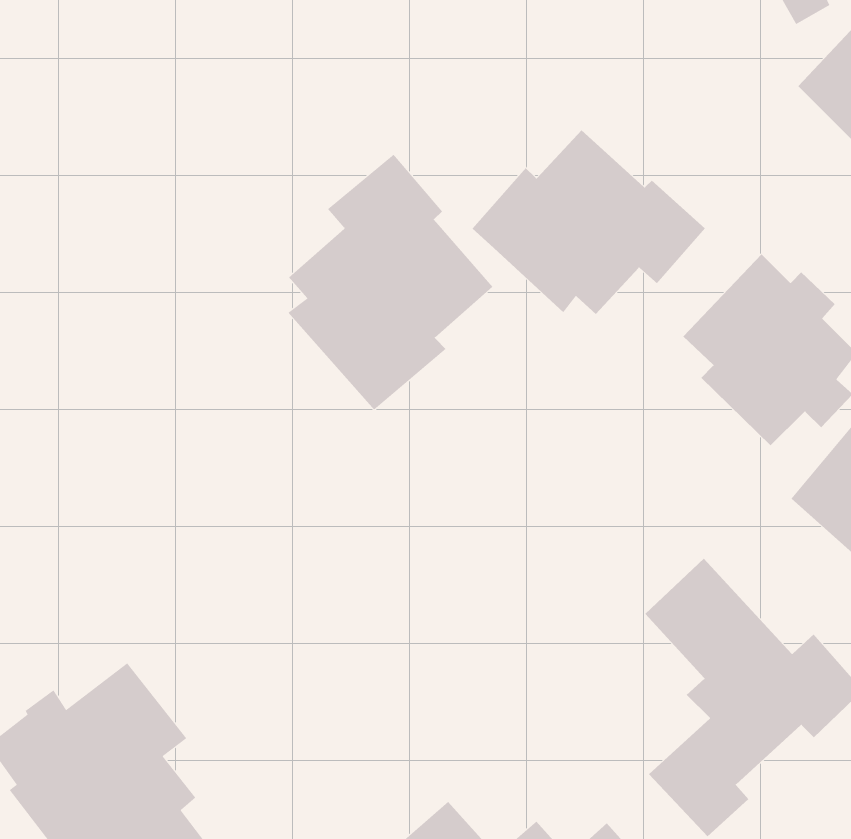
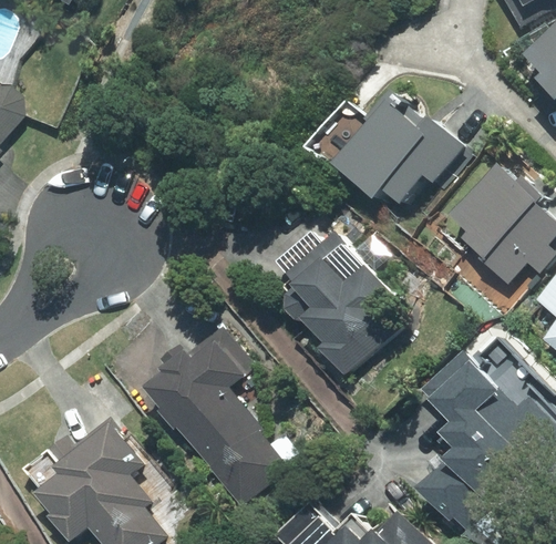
building: [288,154,493,411] -> none
building: none -> [286,232,397,372]
building: none -> [146,330,289,505]

